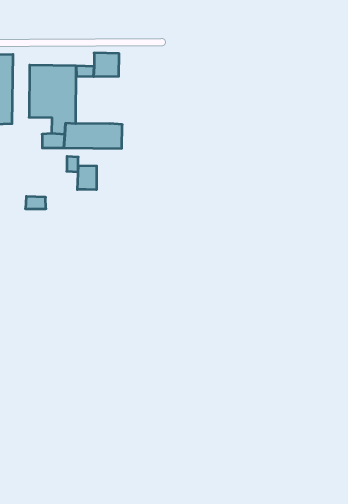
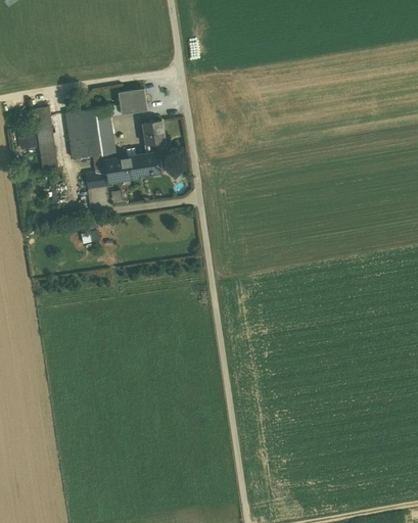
building: none -> [141,121,166,154]
building: [77,166,97,190] -> none

